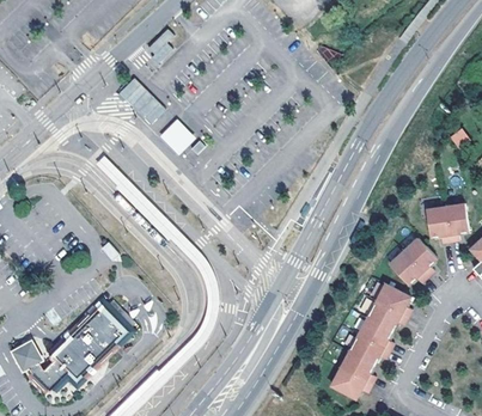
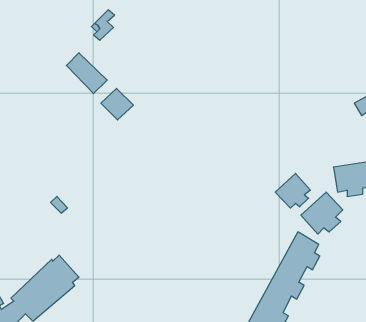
building: none -> [275,173,310,208]

